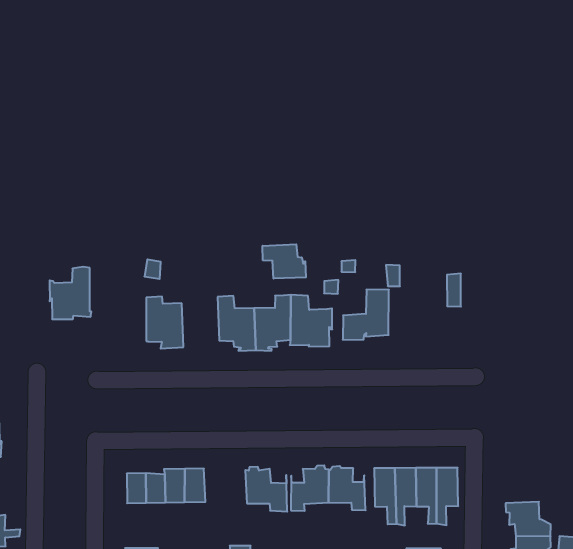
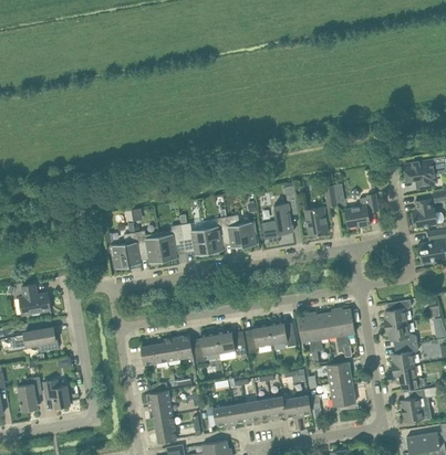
building: [263,244,306,279] -> none
building: [50,267,91,319] -> [111,233,141,269]
building: none -> [158,225,186,261]
building: none -> [345,194,378,229]
building: none -> [304,207,329,236]
building: none -> [193,330,220,362]
building: none -> [384,299,412,327]

